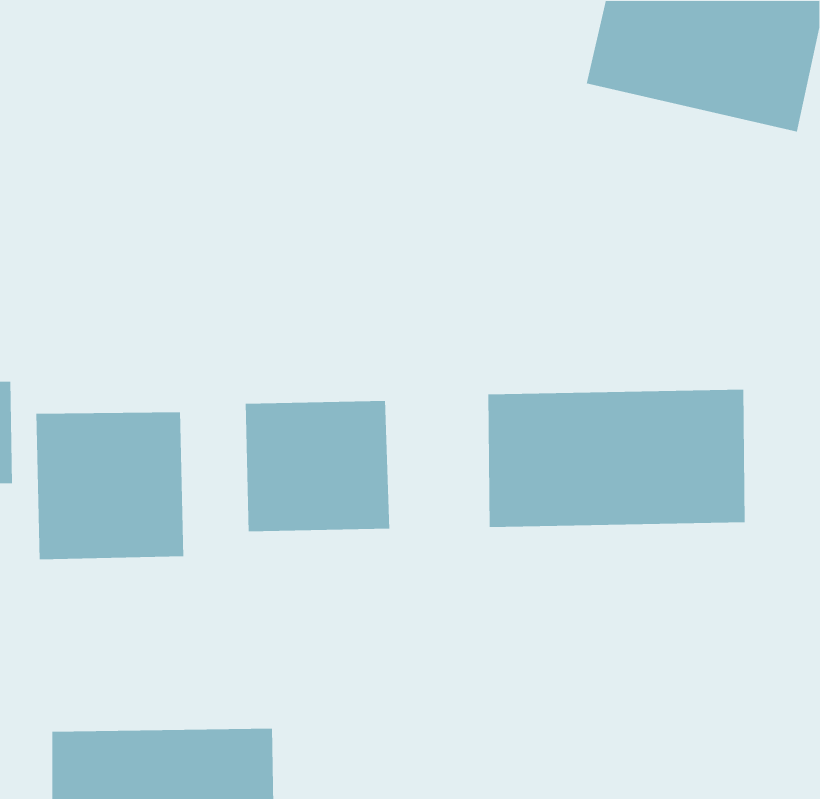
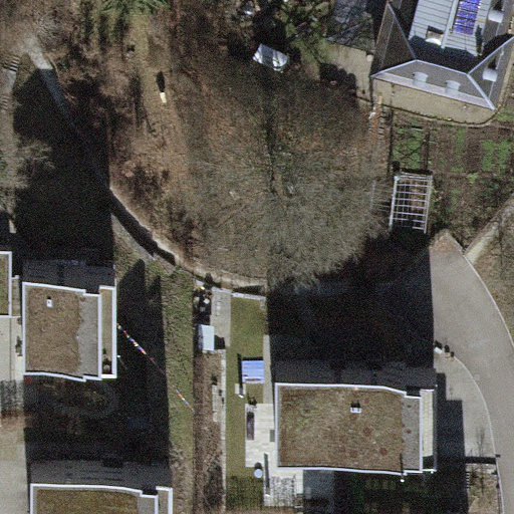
building: [487,389,746,528] -> [274,373,435,460]
building: [245,400,390,532] -> none

